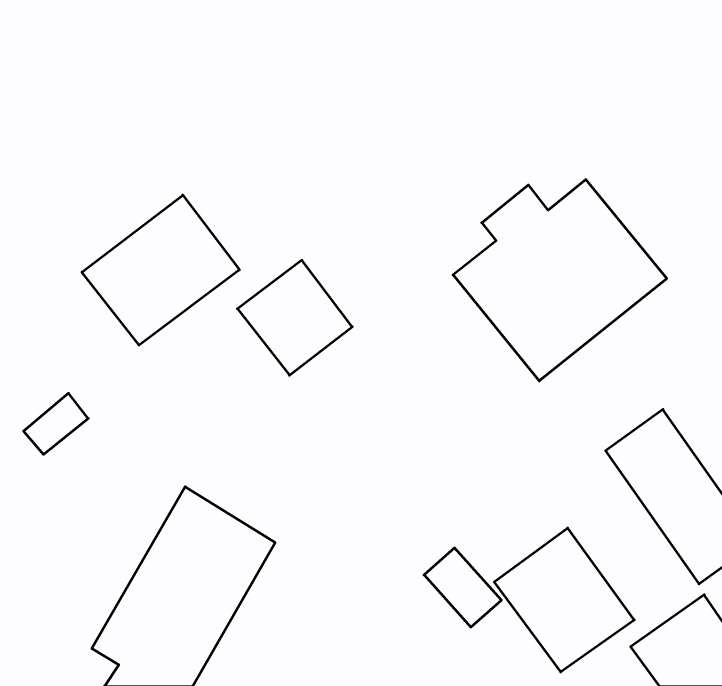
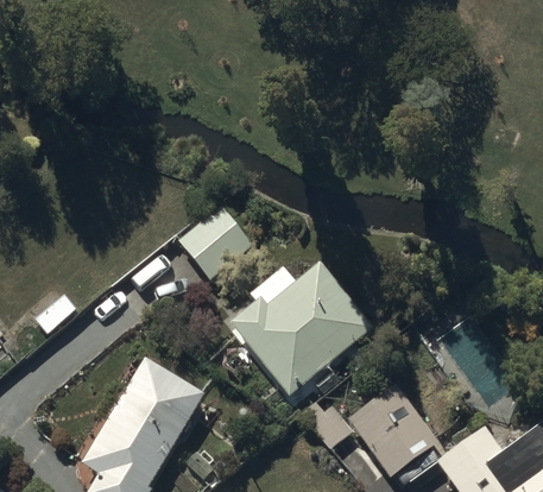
building: [453,180,667,381] -> [232,264,373,397]
building: [82,195,239,345] -> none

